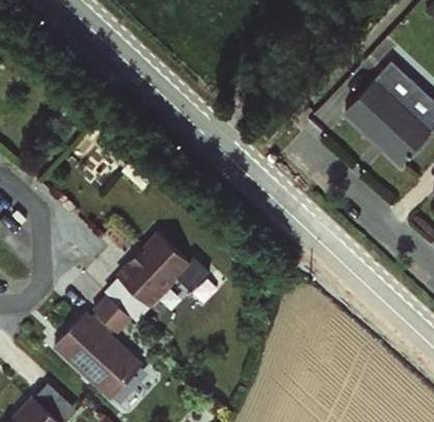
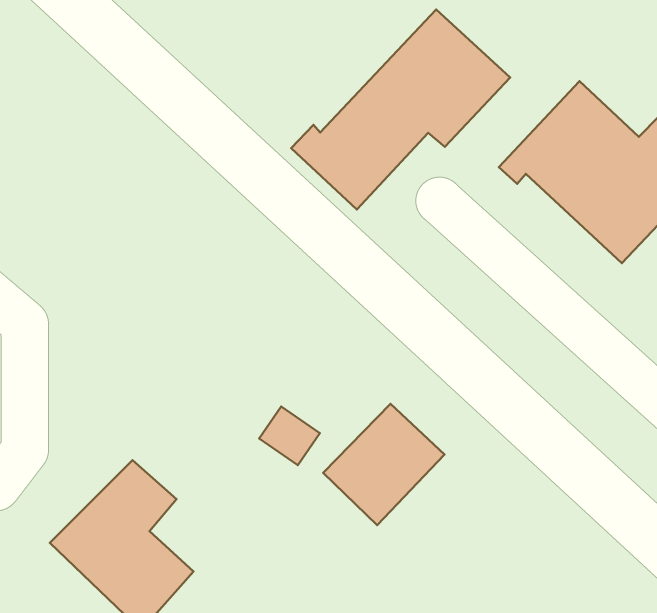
building: none -> [291,9,510,209]
building: [115,233,190,308] -> [323,404,445,525]

